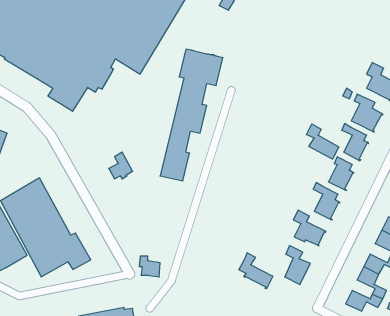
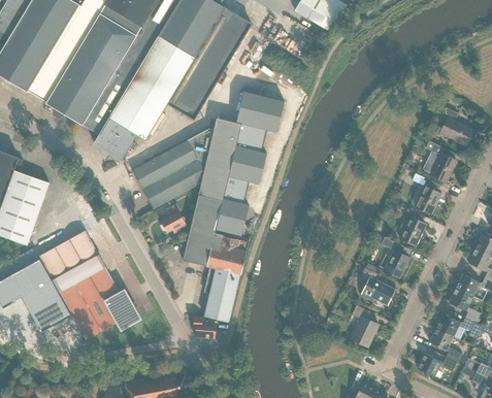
building: none -> [131,118,247,322]
building: [306,124,339,159] -> none
building: [239,253,273,289] -> none

